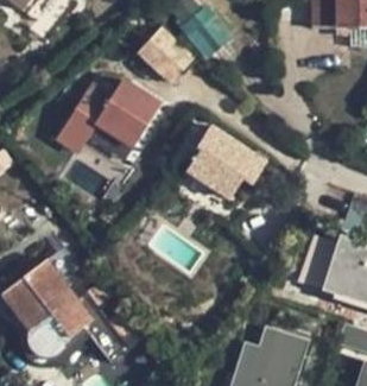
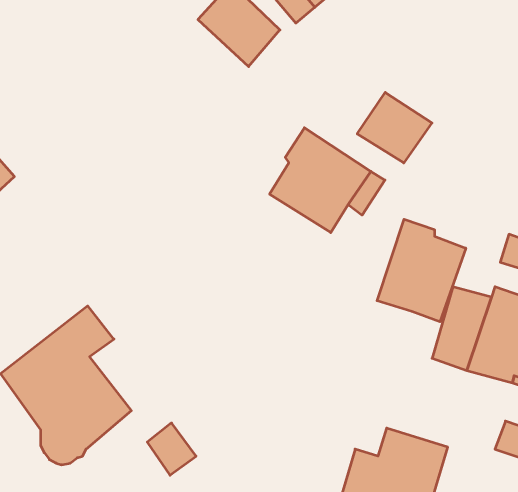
building: [58,76,163,157] -> none
building: none -> [357,92,432,163]
building: none -> [377,219,466,322]

